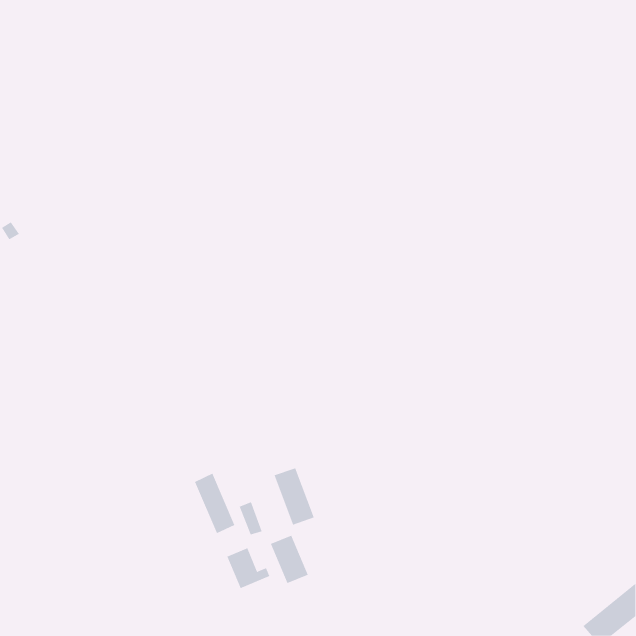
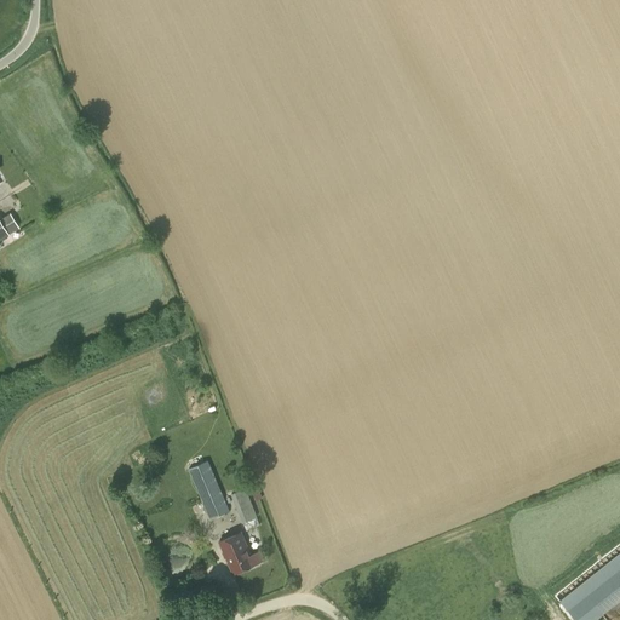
building: [274,467,315,525] -> none
building: [270,535,309,584] -> none

